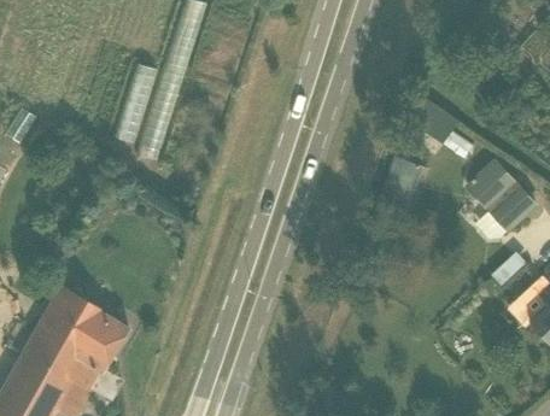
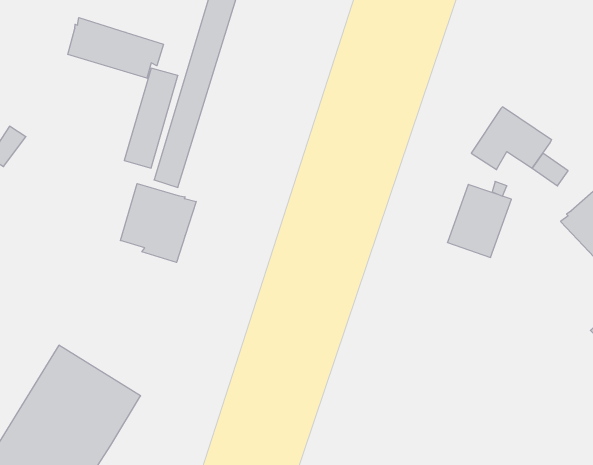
building: none -> [68,18,164,78]
building: none -> [120,184,196,262]

